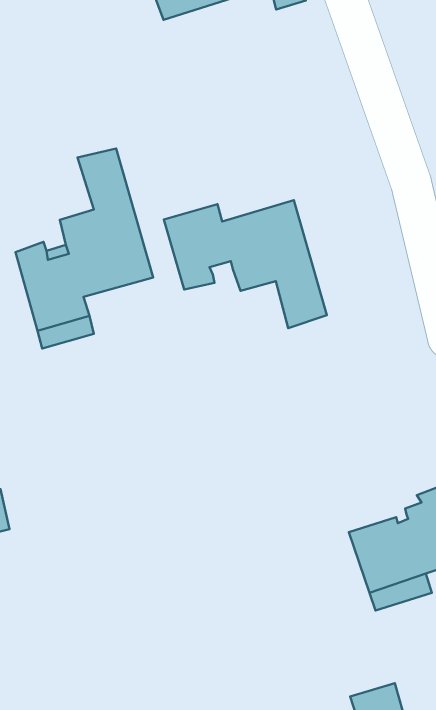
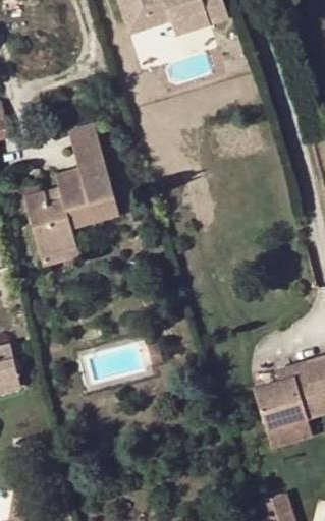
building: [164,200,327,328] -> none

